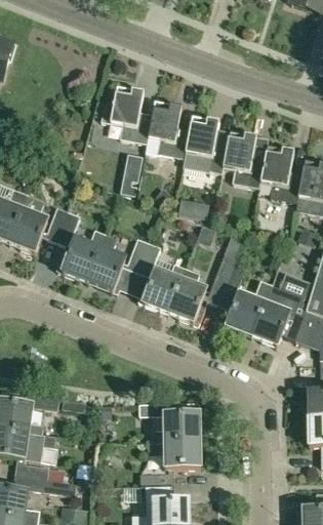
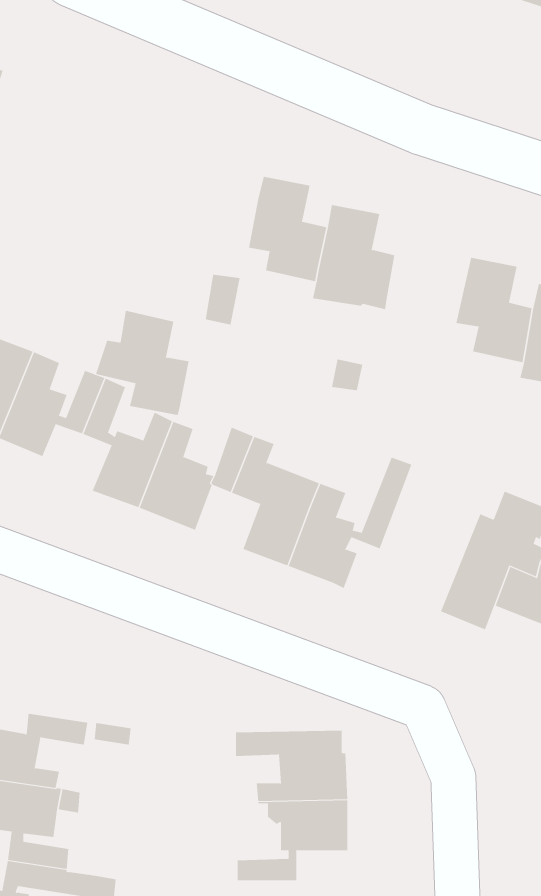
building: [100,86,152,144] -> [95,310,189,416]
building: [223,131,265,188] -> none
building: [218,258,273,338] -> none

